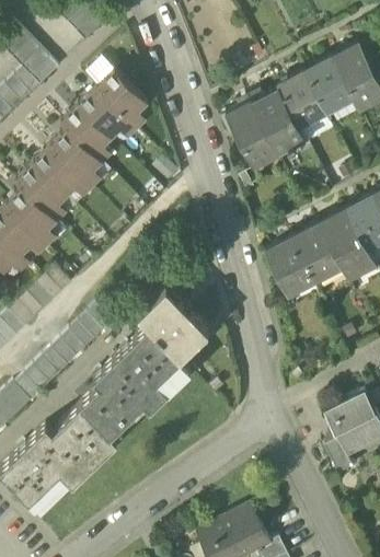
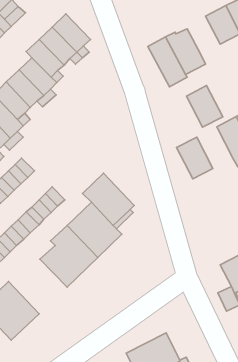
building: [276,73,323,126] -> none
building: [291,224,341,281] -> [186,86,223,127]
building: [35,405,115,479] -> none

